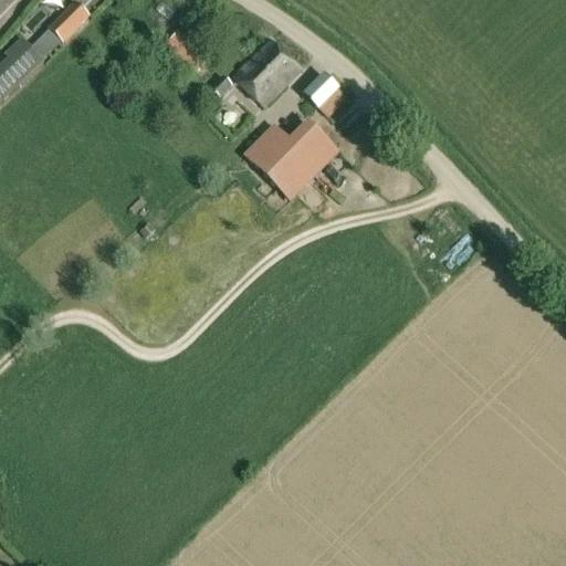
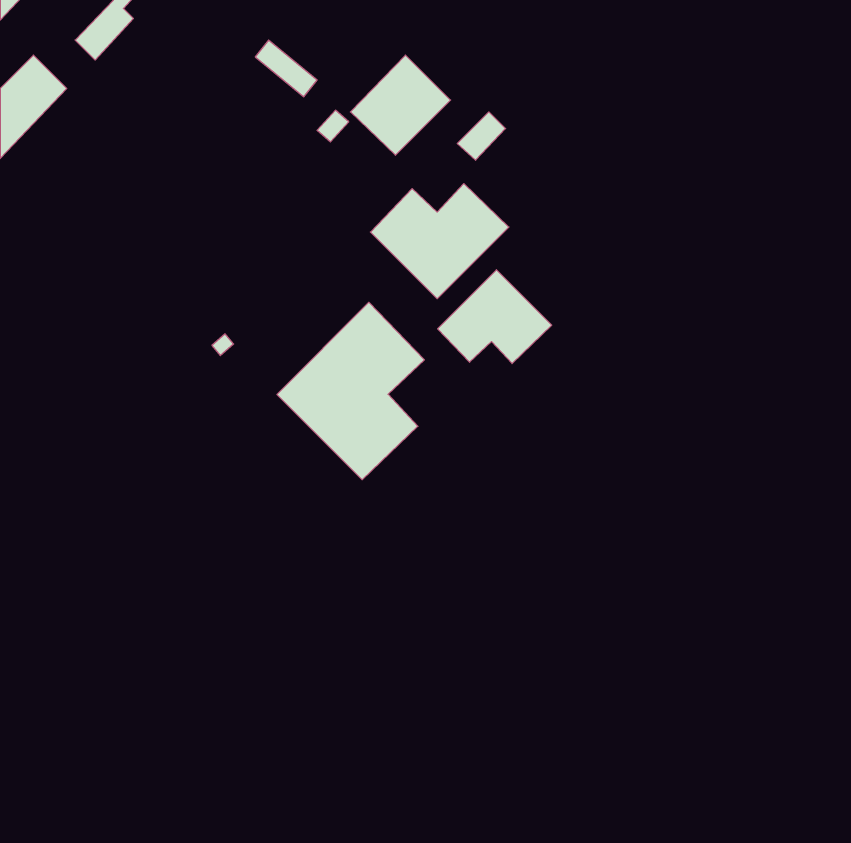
building: none -> [438,270,552,364]
building: none -> [277,302,424,480]

